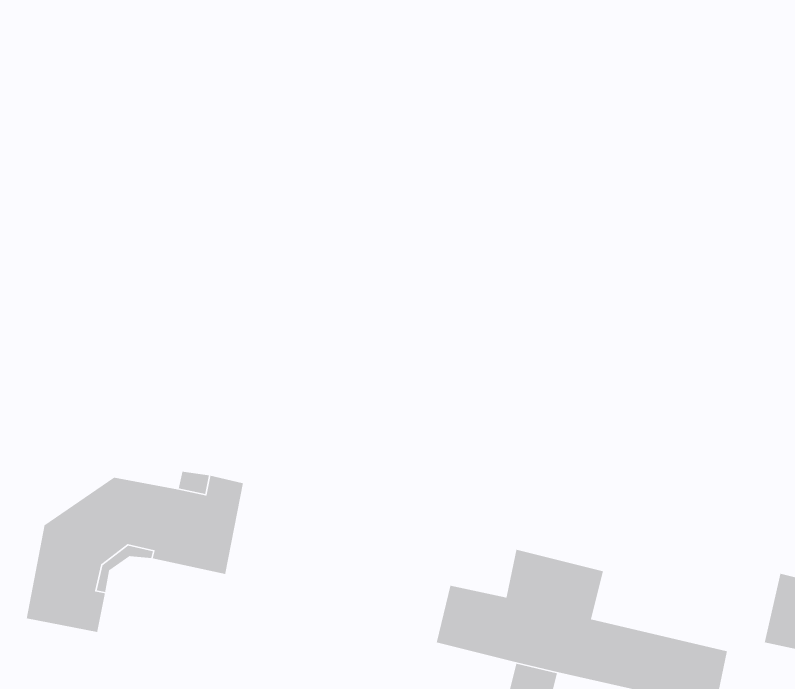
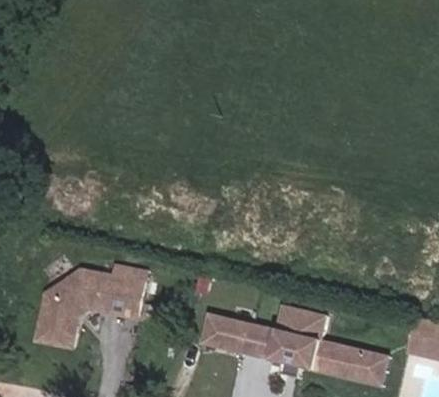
building: none -> [202,312,249,351]

